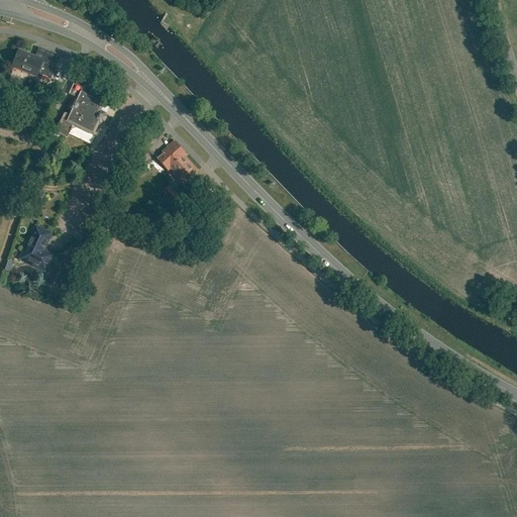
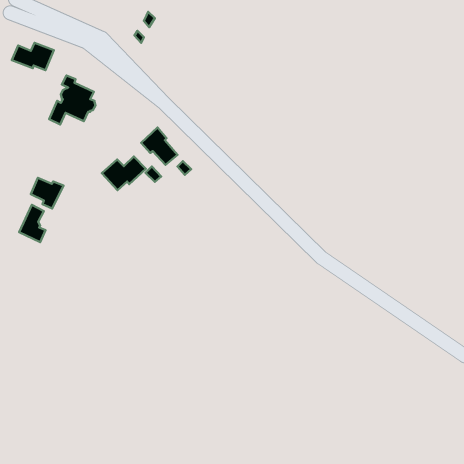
building: none -> [102,157,146,190]
building: none -> [31,178,63,209]

